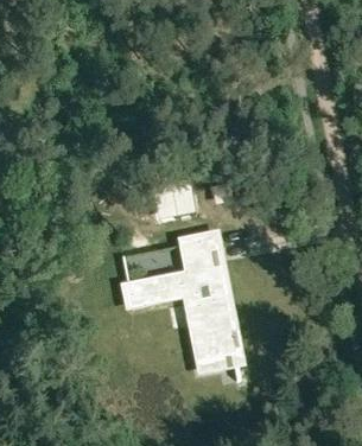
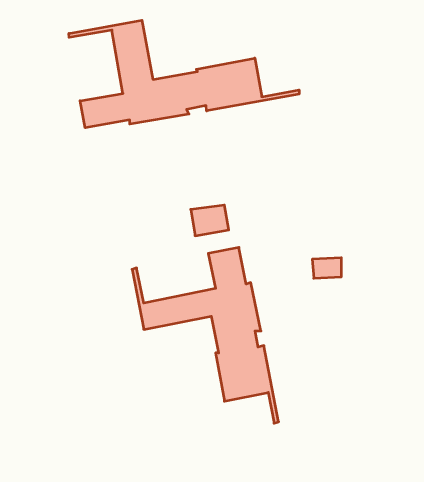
building: none -> [69,20,299,128]

